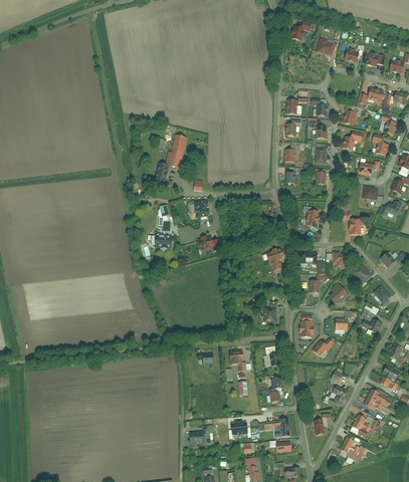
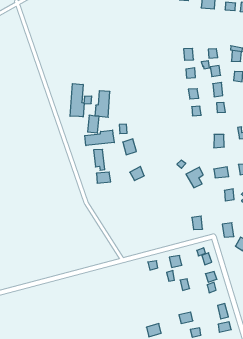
building: none -> [70,84,84,117]
building: none -> [85,130,114,146]

